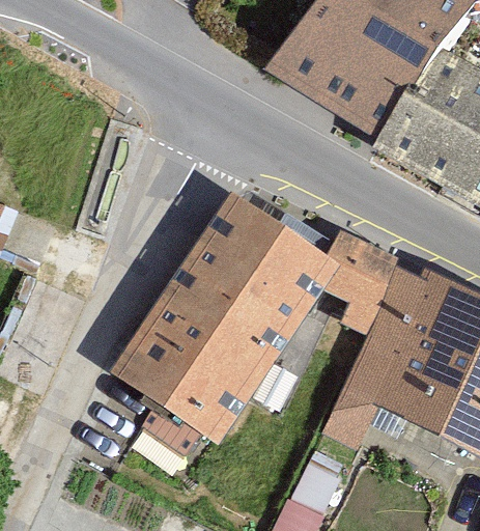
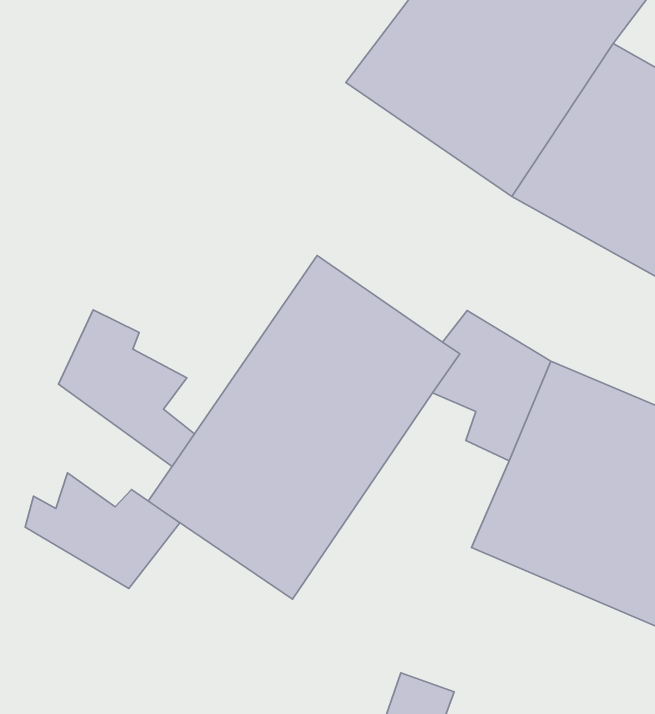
building: none -> [58,310,195,466]
building: none -> [25,473,180,588]

